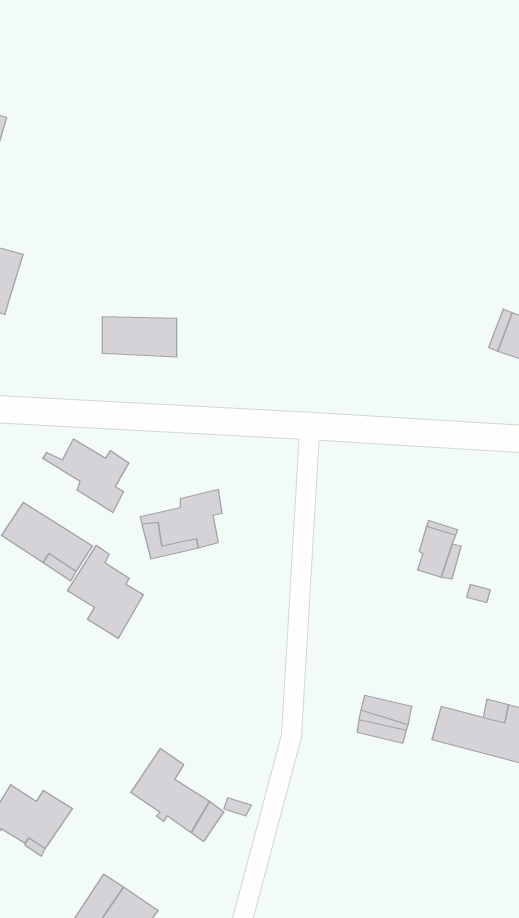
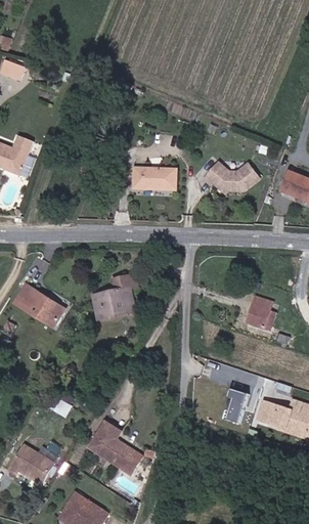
building: none -> [206,162,263,191]
building: [102,317,177,357] -> [135,168,177,190]
building: [43,439,129,513] -> none
building: [68,545,144,639] -> none

